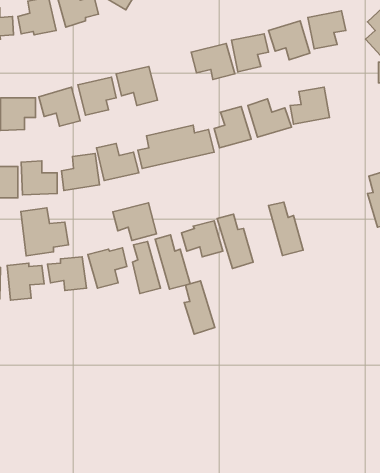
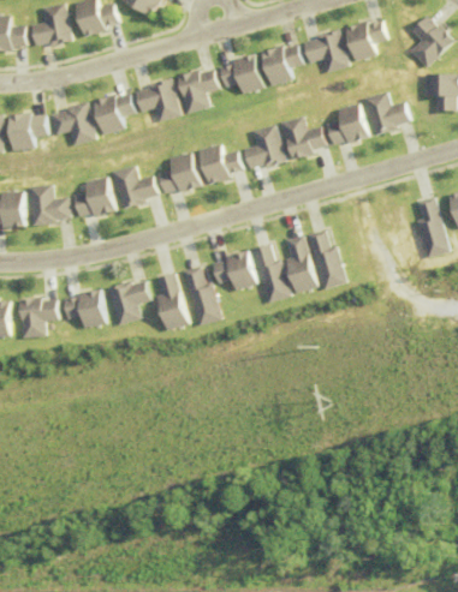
building: none -> [177,67,221,115]
building: none -> [365,91,414,133]
building: [113,203,157,240] -> none
building: [21,208,68,256] -> none
building: [184,281,215,334] -> [281,235,315,294]

